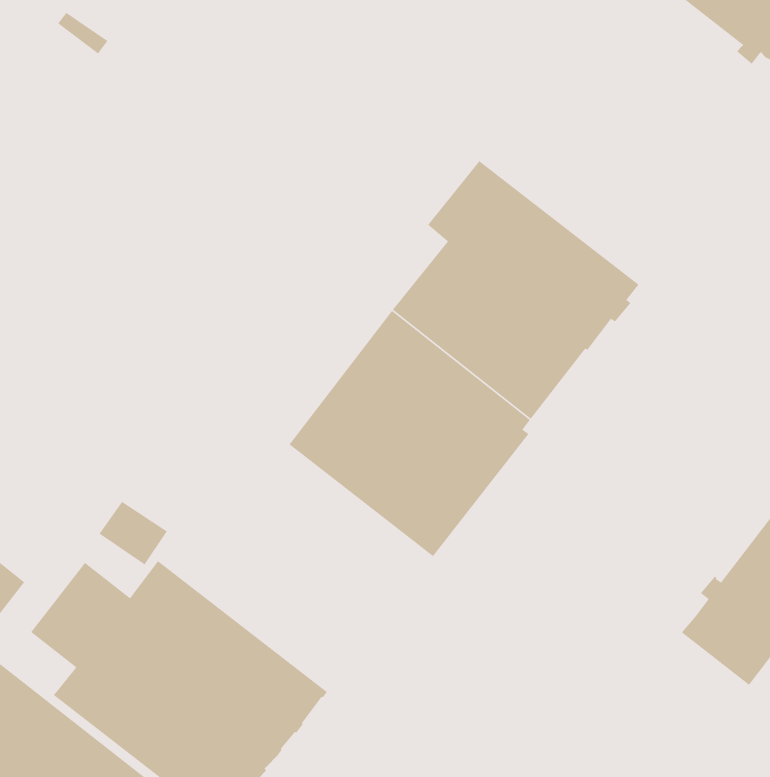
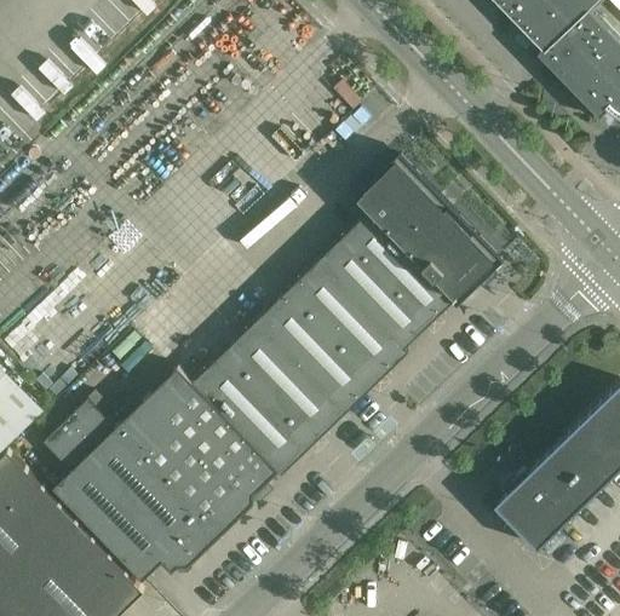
building: none -> [137,338,328,513]

